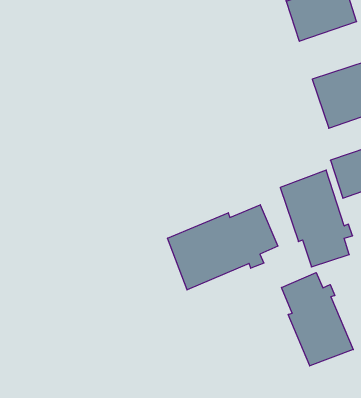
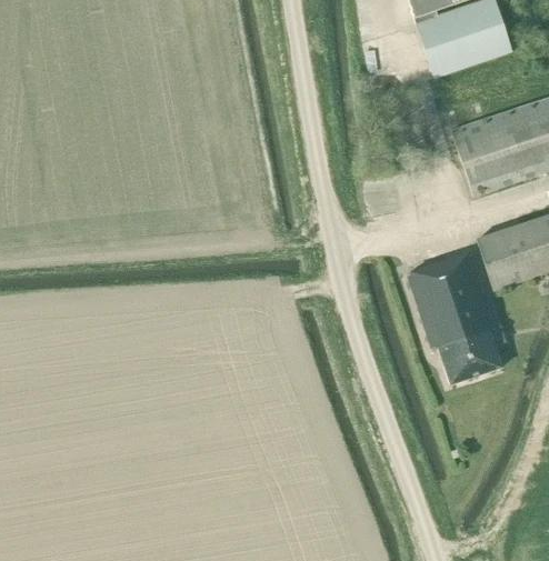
building: [168,205,278,290] -> none
building: [282,273,353,366] -> none

